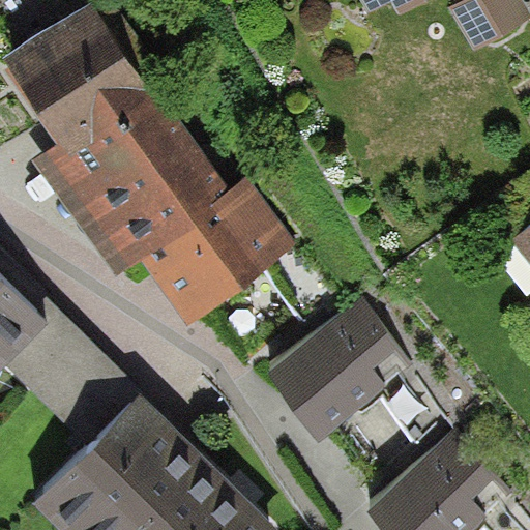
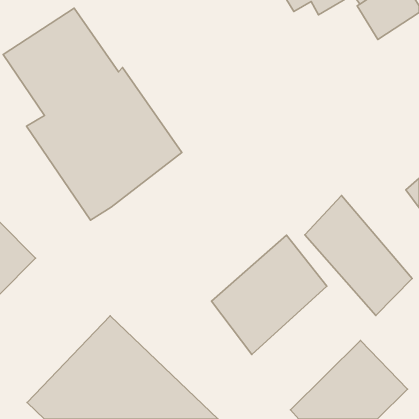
building: [140,178,298,325] -> none
building: none -> [305,196,412,316]

